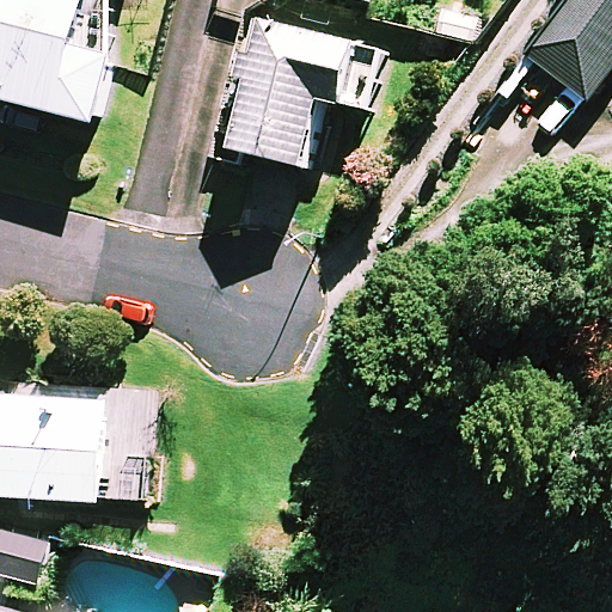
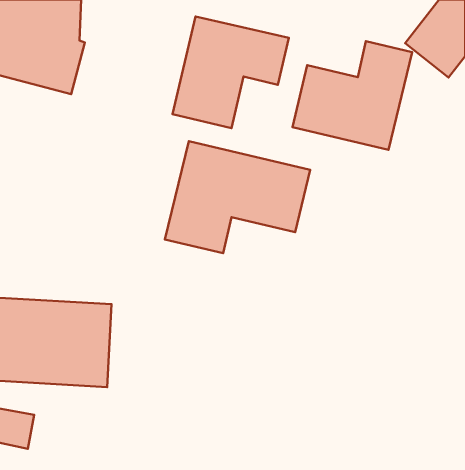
building: none -> [292,41,412,150]
building: none -> [165,141,310,253]

